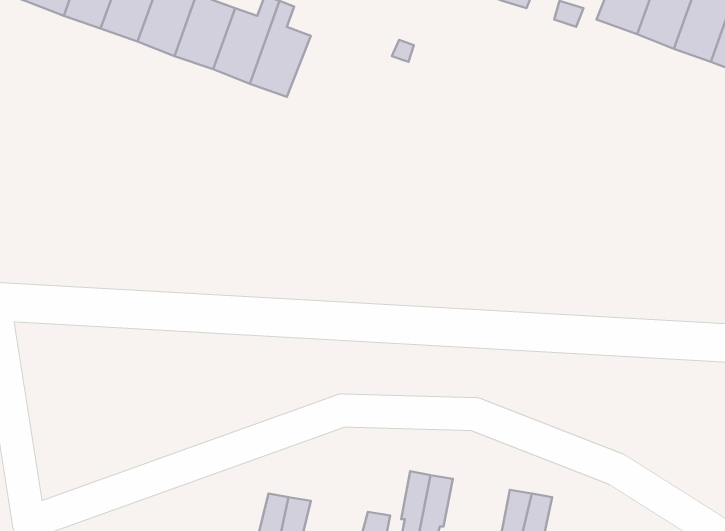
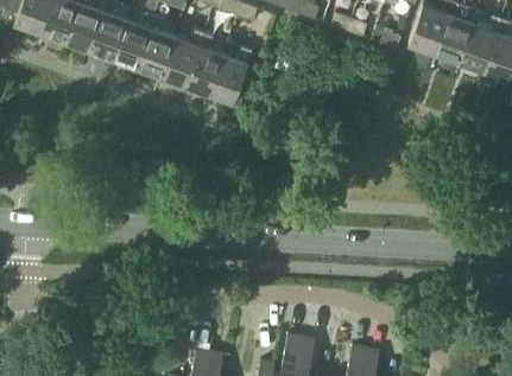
building: none -> [208,47,252,103]

